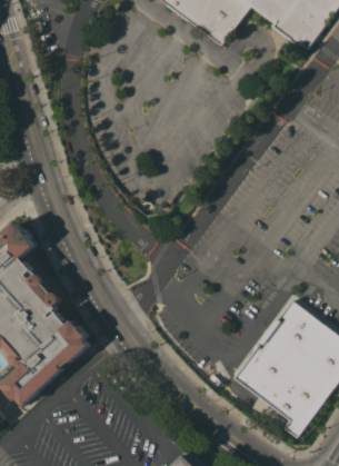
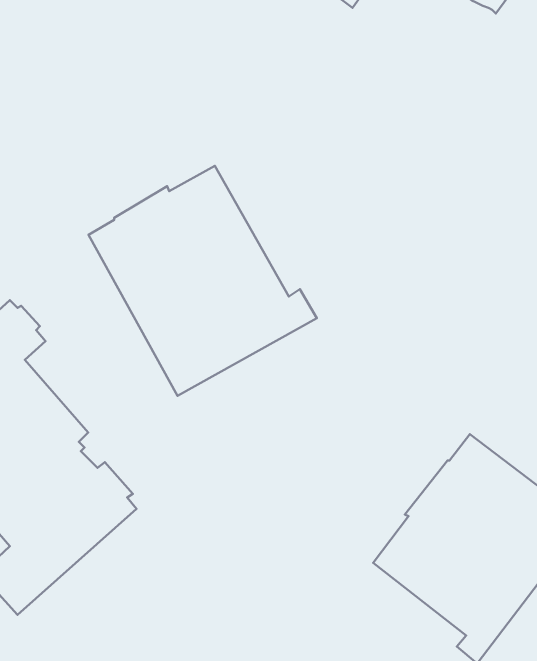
building: none -> [88,166,317,396]

